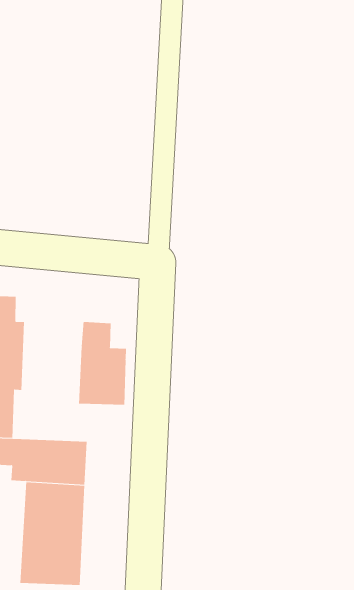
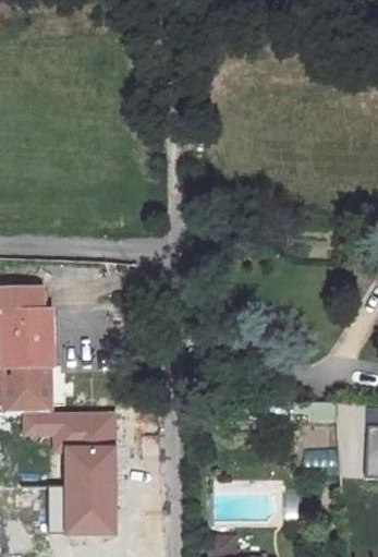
building: [78,321,126,405] -> none

